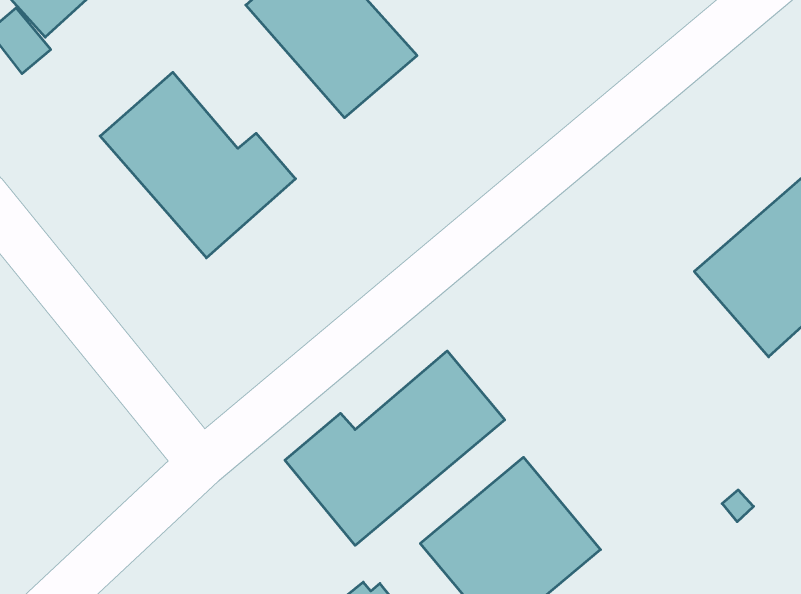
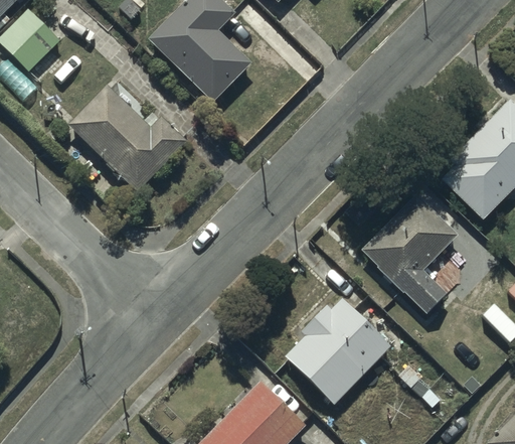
building: none -> [362,194,460,316]
building: [285,351,505,545] -> none

